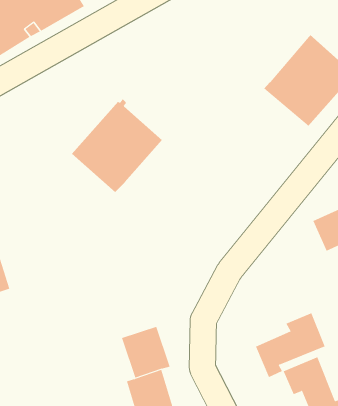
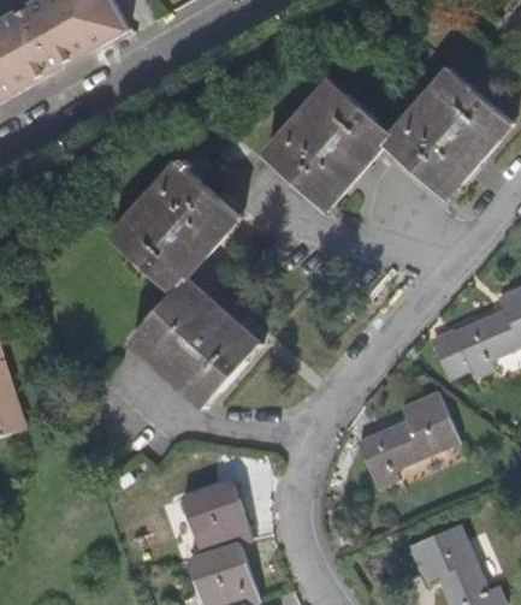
building: none -> [262,79,391,209]
building: none -> [131,278,261,407]
building: [255,312,325,378] -> [357,393,457,486]

